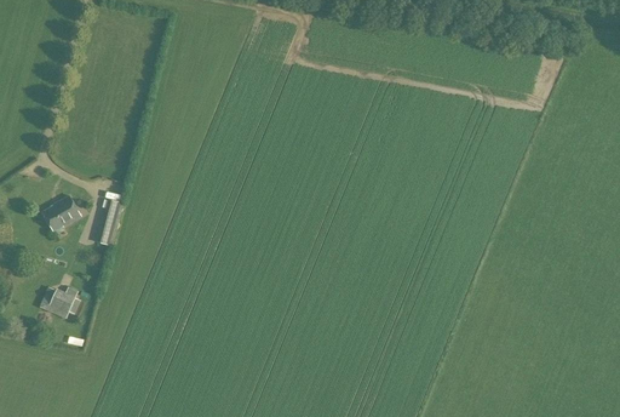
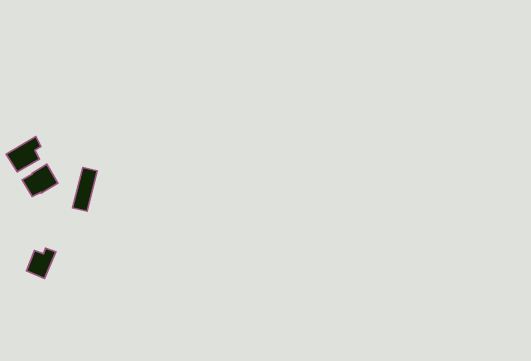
building: none -> [6,136,41,172]

